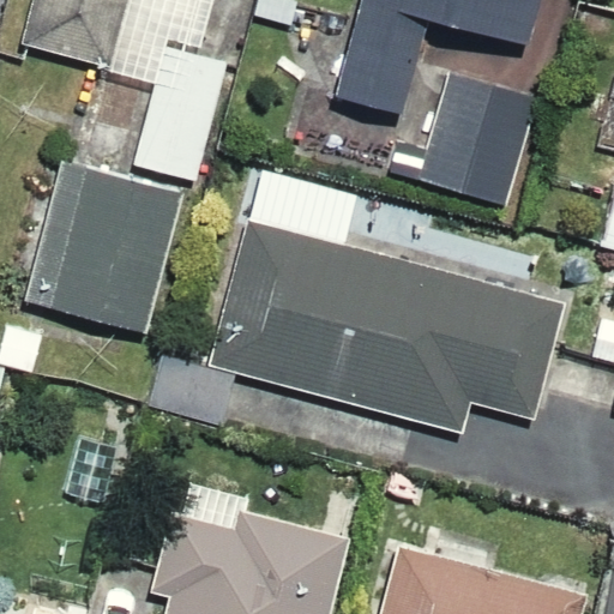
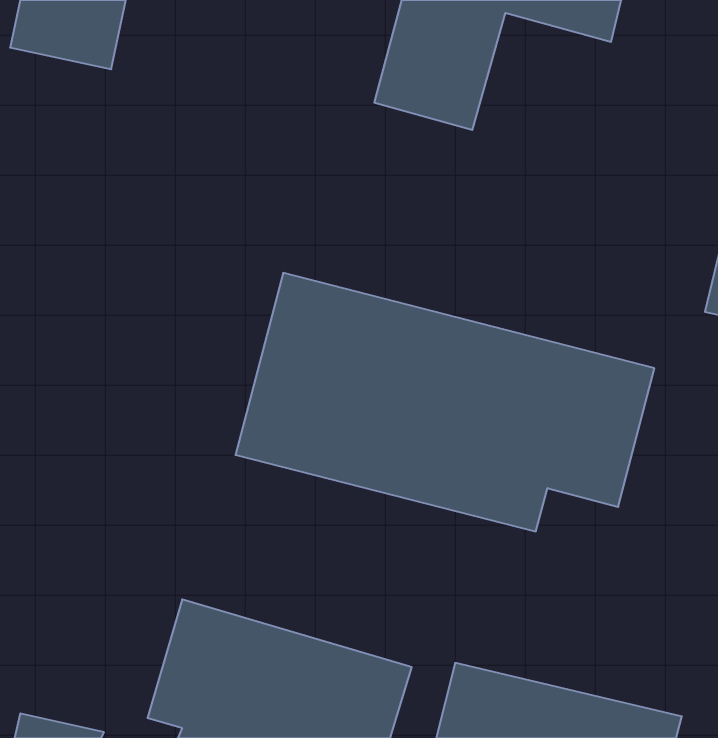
building: [132,38,231,174] -> none
building: [420,61,548,201] -> none
building: [24,150,182,329] -> none

